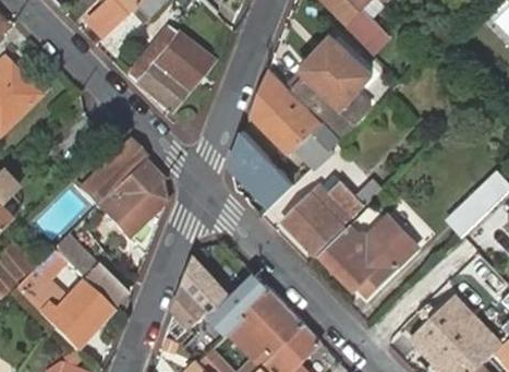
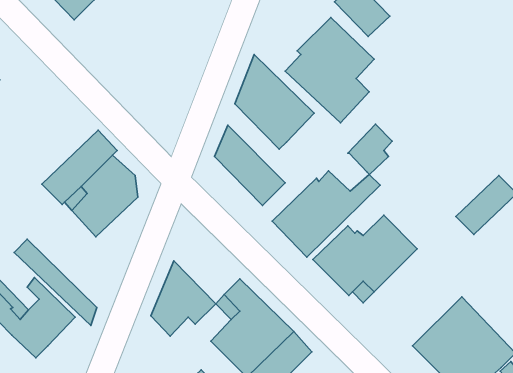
building: [132,28,210,110] -> none
building: [298,124,338,170] -> [348,124,392,175]

